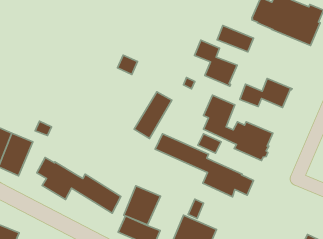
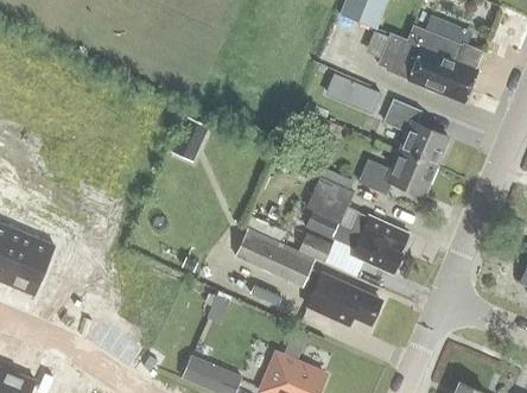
building: [194,40,237,86] -> [385,99,447,166]
building: [134,92,172,138] -> none
building: [37,157,121,213] -> none
building: [124,186,160,225] -> none

